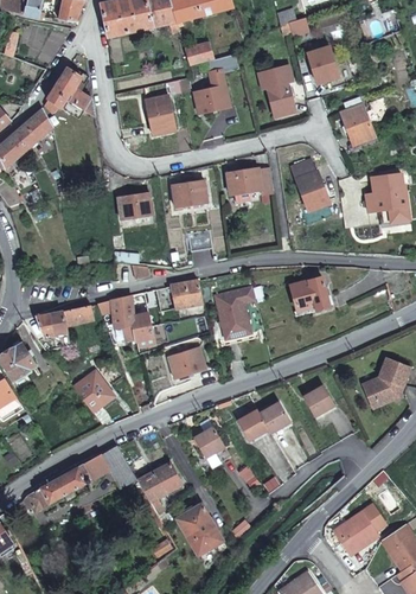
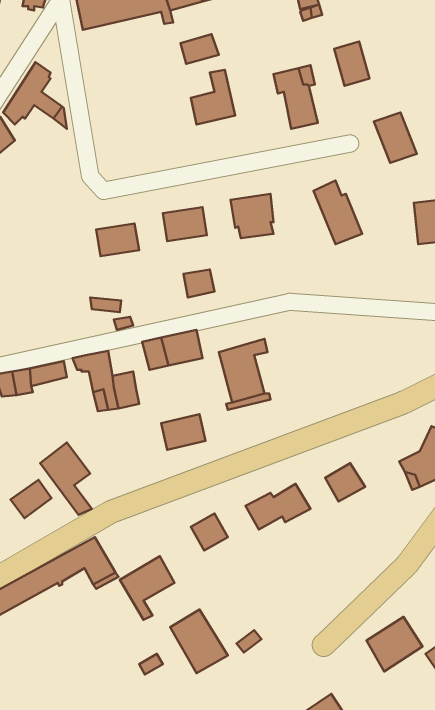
building: [146,95,174,134] -> none
building: [289,275,332,309] -> none
building: none -> [10,480,51,518]

